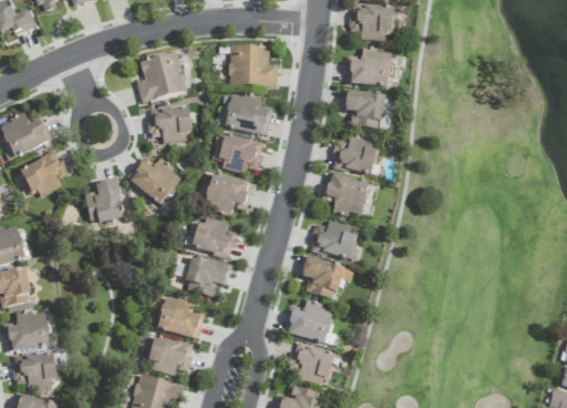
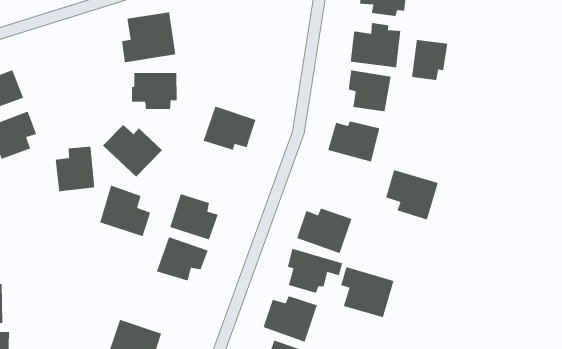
building: [228,44,277,85] -> none
building: none -> [411,39,448,81]
building: [225,92,271,134] -> none
building: [204,172,254,214] -> none
building: [321,172,369,216] -> [385,169,439,221]
building: none -> [340,266,394,318]
building: [157,293,204,338] -> [99,185,151,237]

